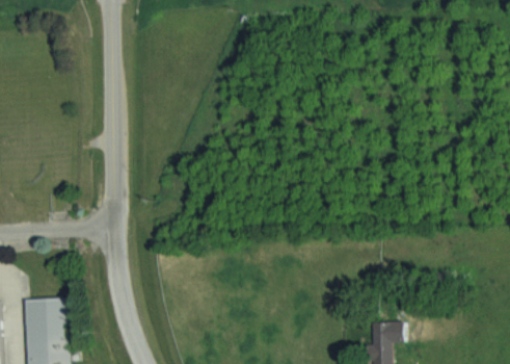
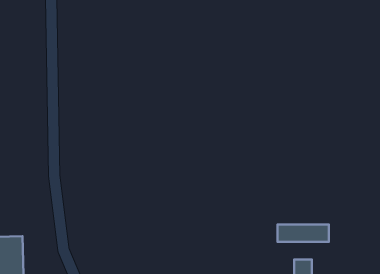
building: none -> [278,224,329,242]

